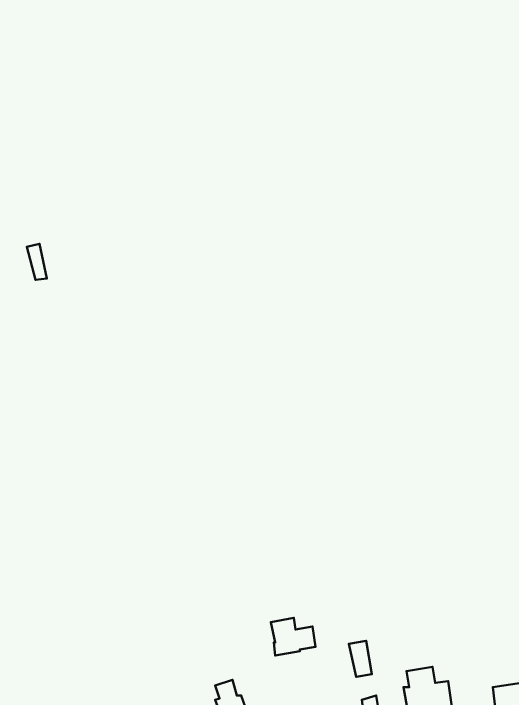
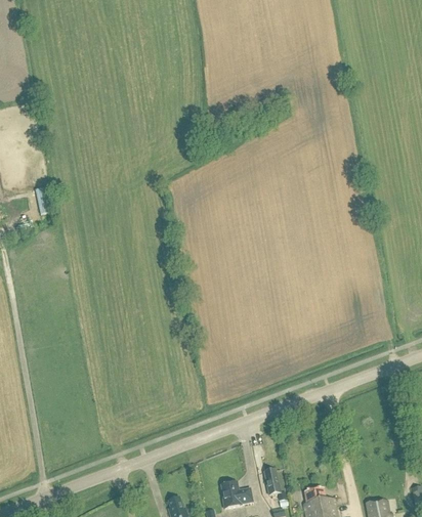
building: [271,618,316,655] -> [220,482,252,509]

